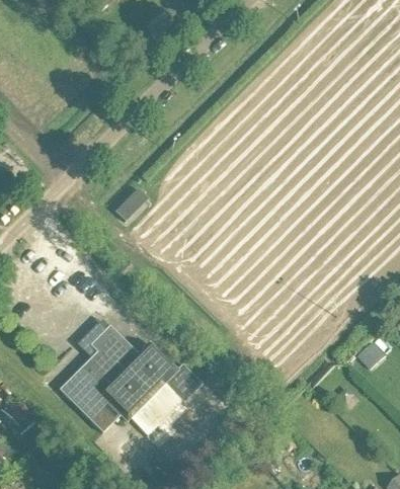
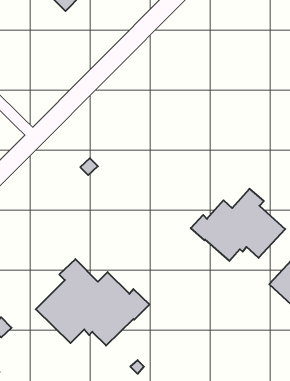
building: none -> [191,189,285,261]

